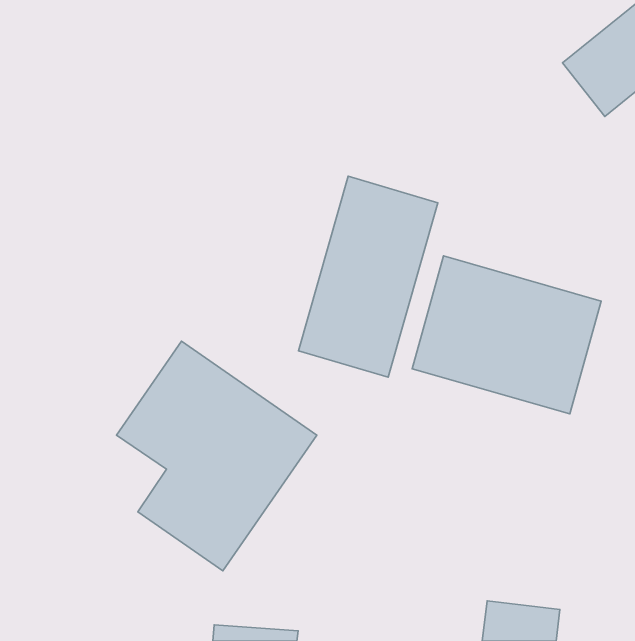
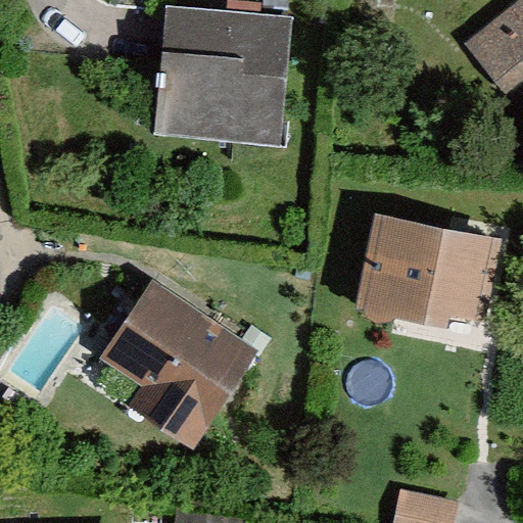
building: none -> [146,4,295,143]
building: [298,176,438,377] -> none

